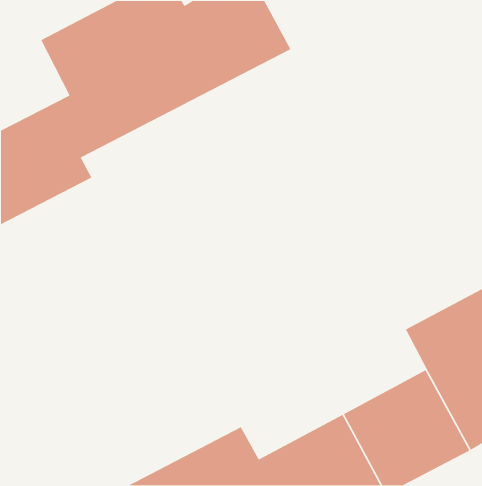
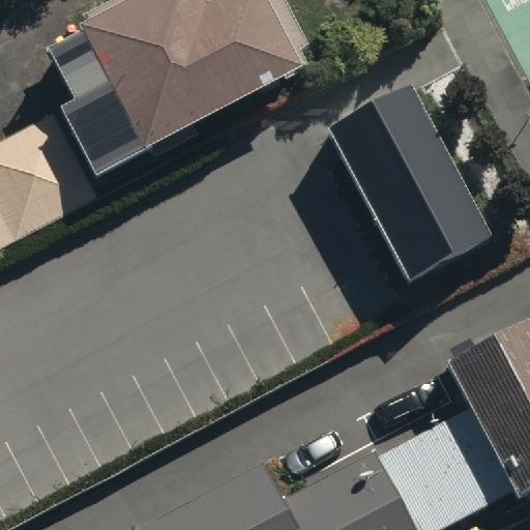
building: none -> [334,97,490,282]

